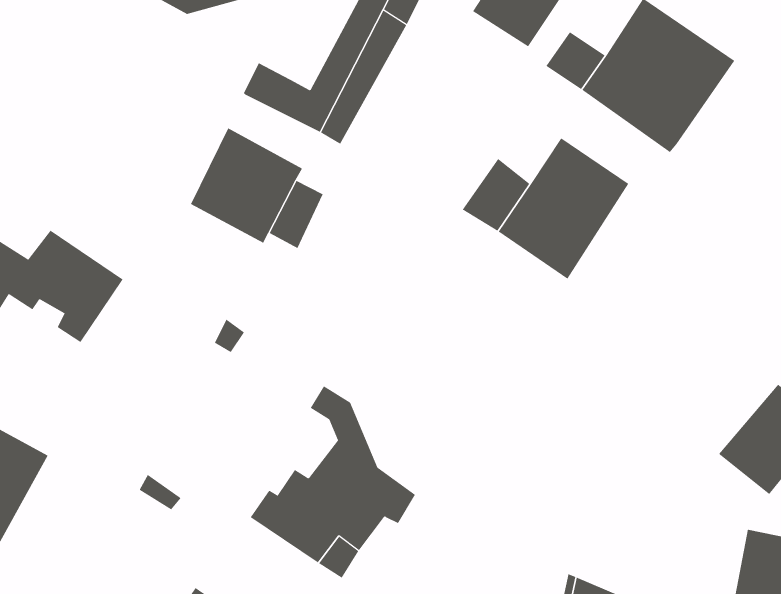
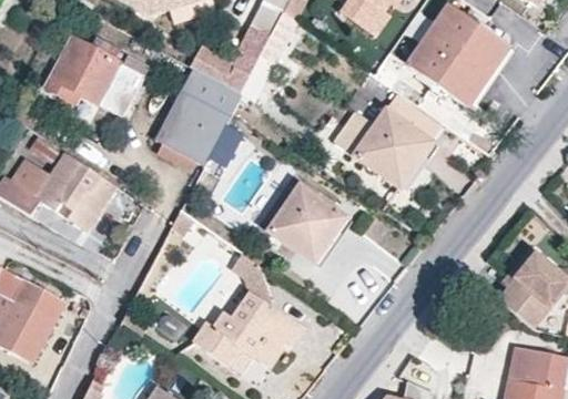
building: none -> [42,34,143,115]
building: none -> [179,66,239,114]
building: none -> [268,185,343,259]

